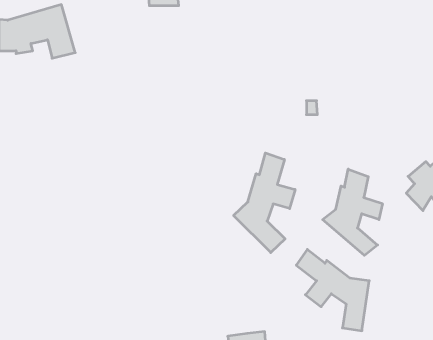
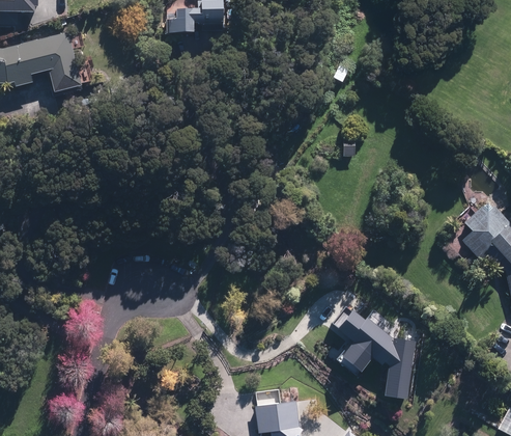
building: [234,153,295,253] -> none
building: [323,169,382,255] -> none

